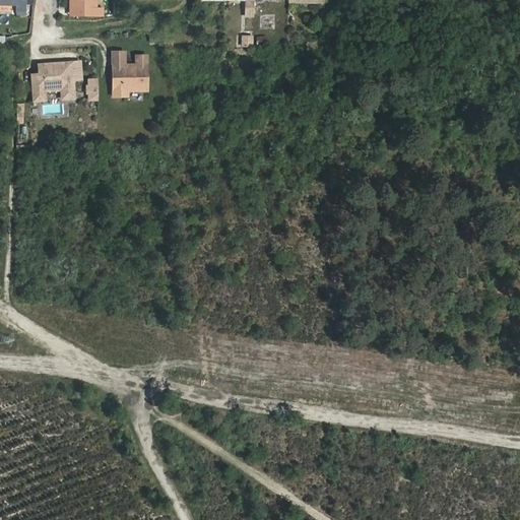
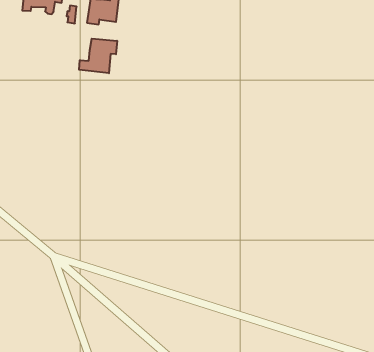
building: none -> [79,39,117,73]

